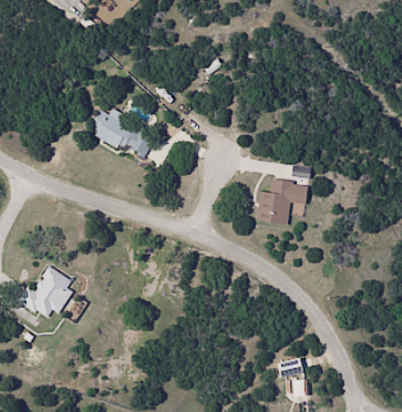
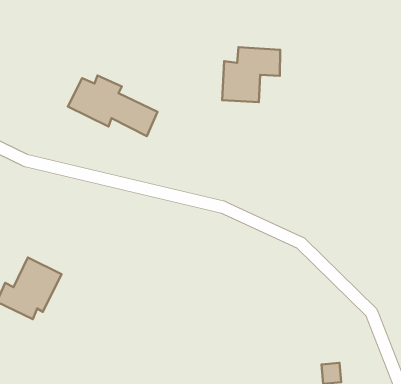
building: [259,181,312,229] -> [222,47,280,102]

